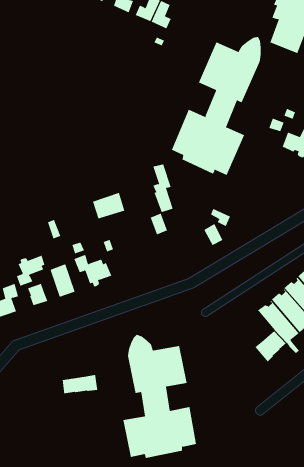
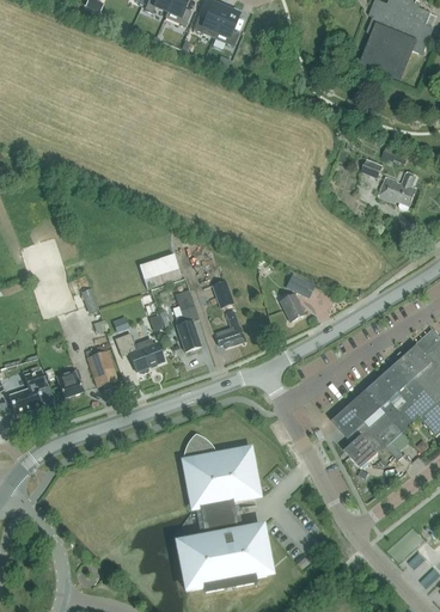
building: [171,36,261,176] -> none
building: [153,164,173,213] -> [175,288,201,350]
building: none -> [215,310,246,347]
building: [16,255,45,287] -> none
building: none -> [331,404,369,442]
building: [62,374,98,394] -> none

